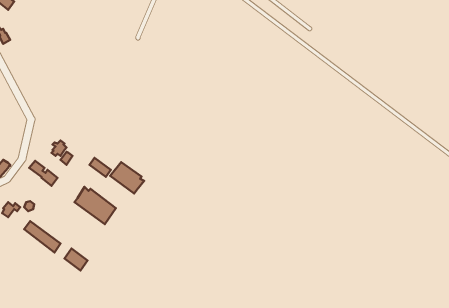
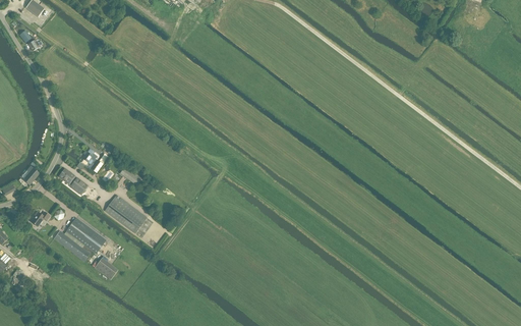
building: [110,162,144,193] -> none
building: none -> [65,217,105,253]

